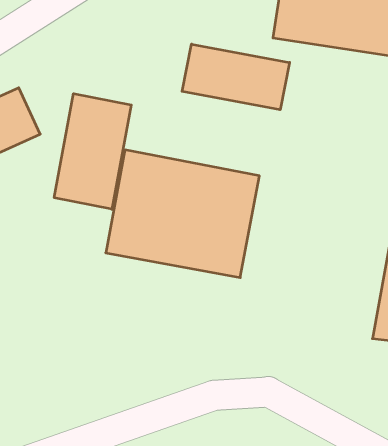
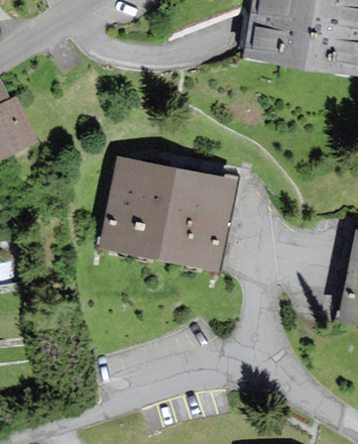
building: [182,44,290,110] -> none
building: [54,94,131,209] -> none

